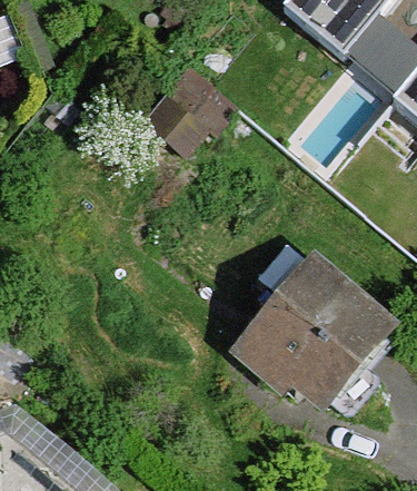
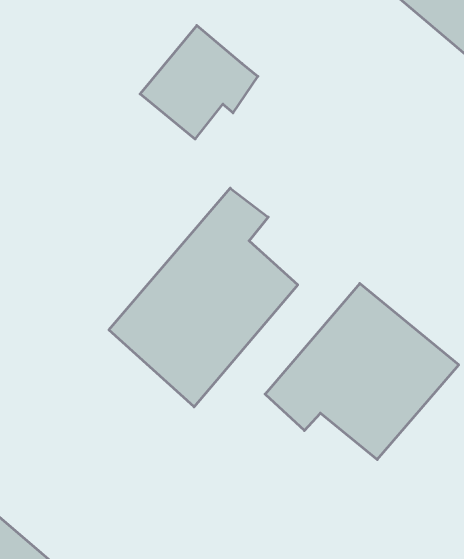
building: none -> [109,188,298,407]

